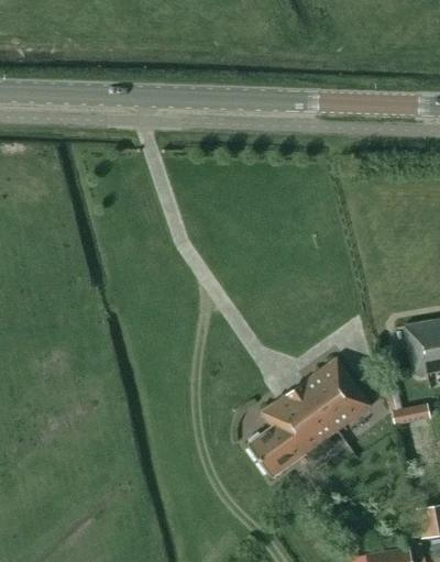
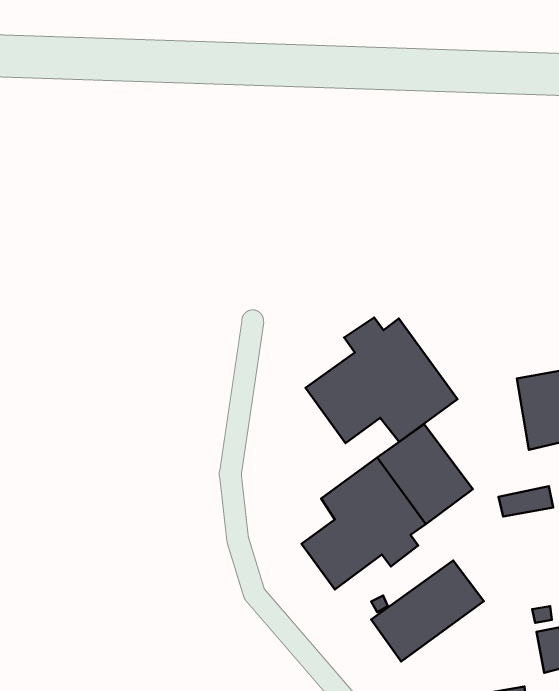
building: none -> [305,317,458,443]
building: none -> [371,560,484,662]

